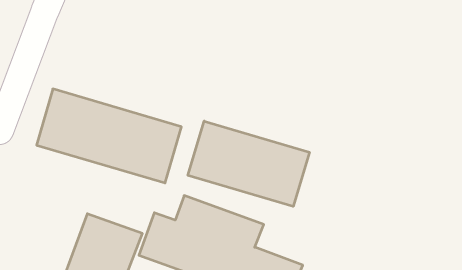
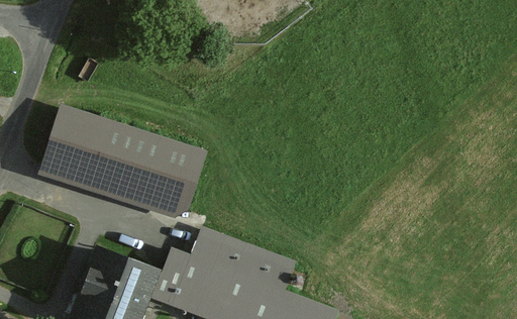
building: [188,121,309,206] -> none

